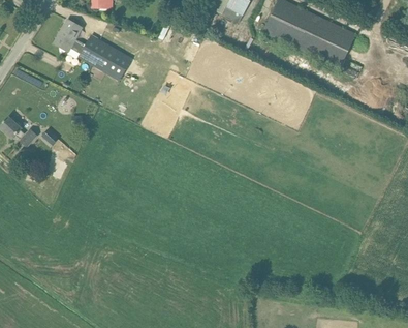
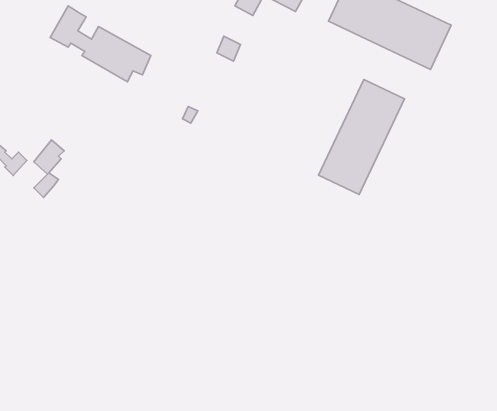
building: none -> [318,79,404,195]

